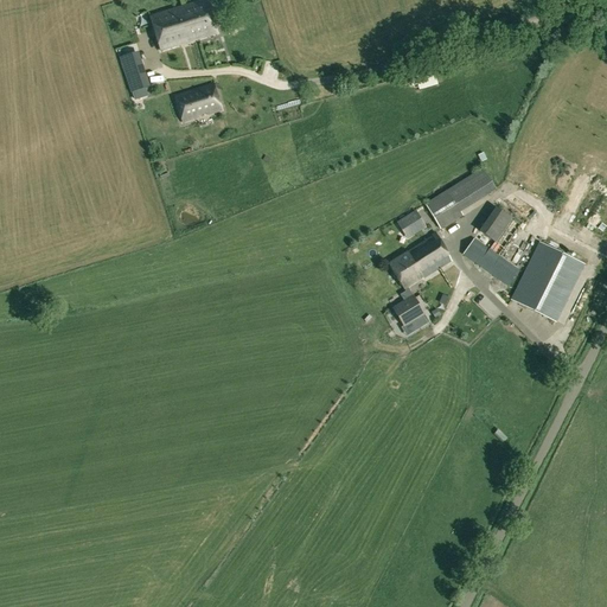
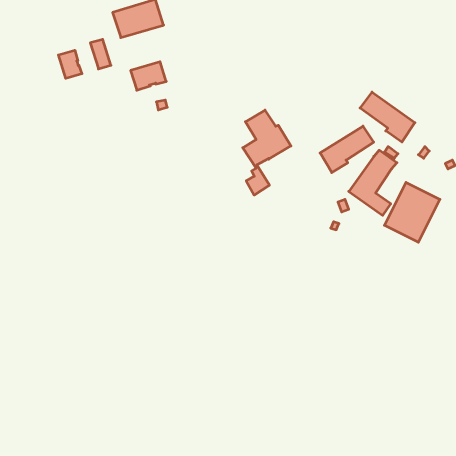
building: none -> [58,50,82,78]
building: none -> [360,92,415,142]
building: [389,213,453,326] -> [243,110,291,195]

